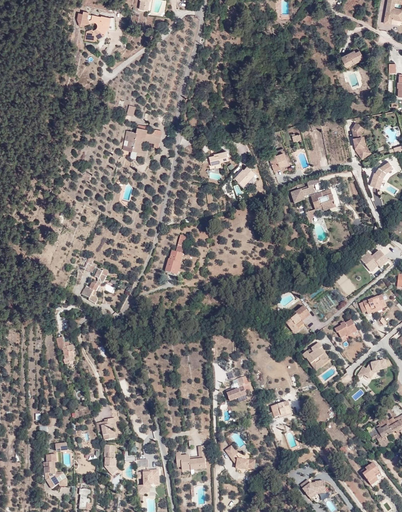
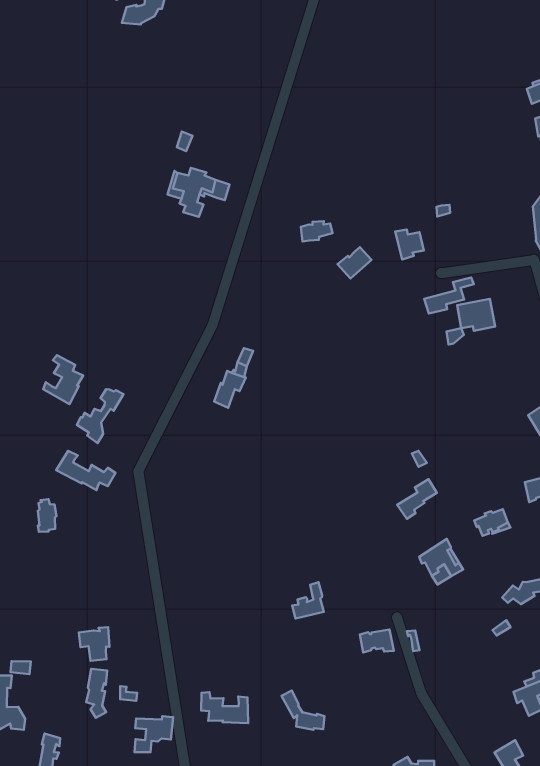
building: none -> [43,355,83,404]
building: none -> [56,451,115,490]

